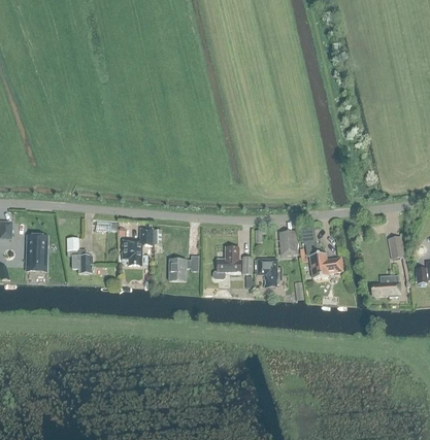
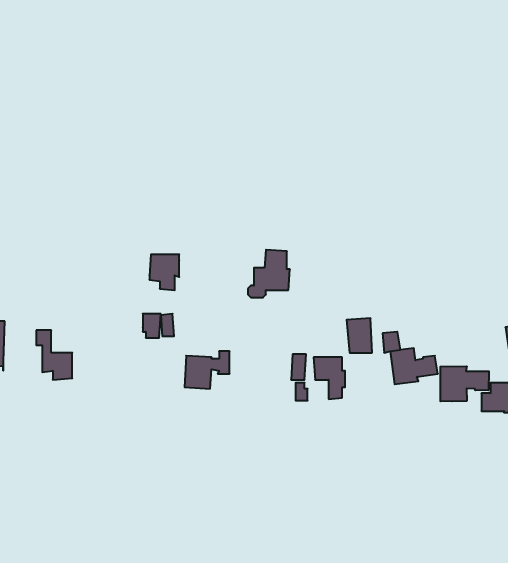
building: [121,241,141,266] -> [149,254,179,290]
building: [211,246,240,279] -> [248,250,290,298]
building: none -> [440,366,489,401]

